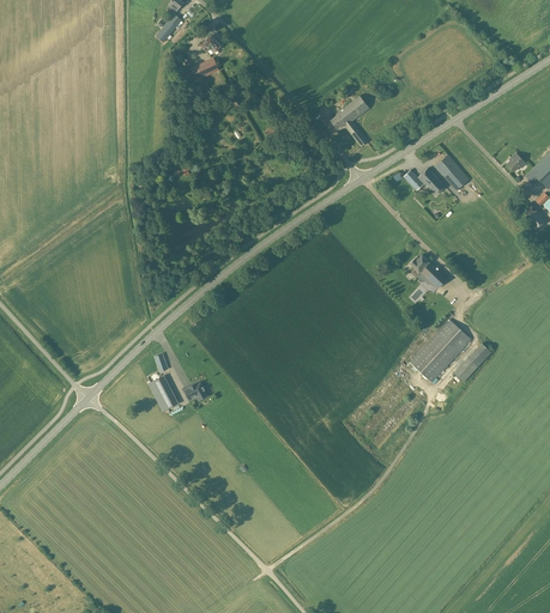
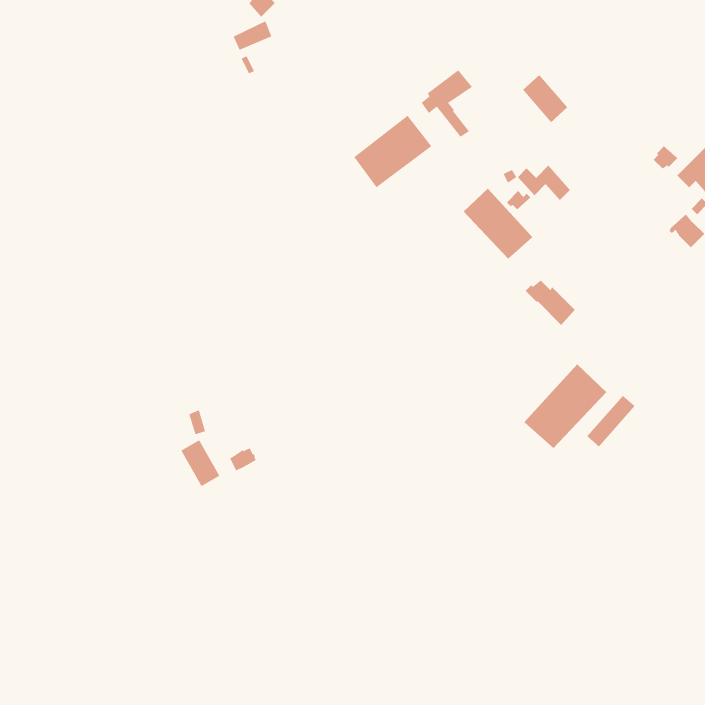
building: none -> [353,115,432,188]
building: [435,153,470,190] -> [522,74,568,123]
building: none -> [463,188,533,260]

